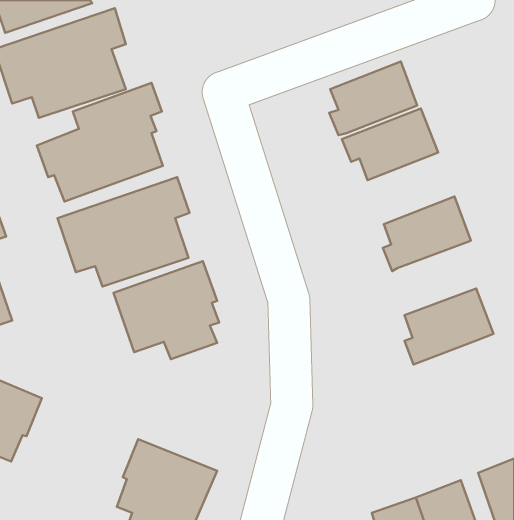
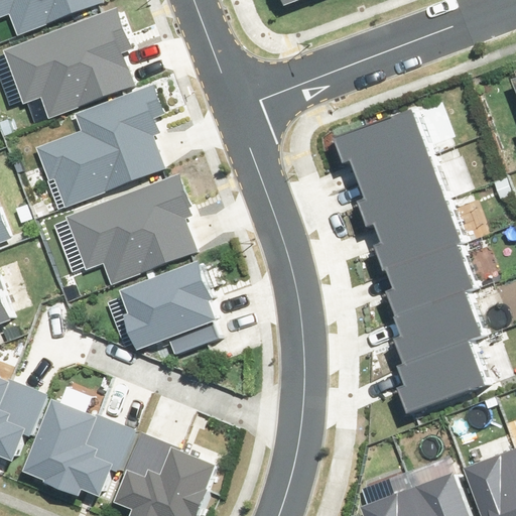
building: [329,62,417,135] -> [361,153,447,226]
building: none -> [391,241,478,313]
building: none -> [400,338,487,410]
building: none -> [27,402,133,498]

